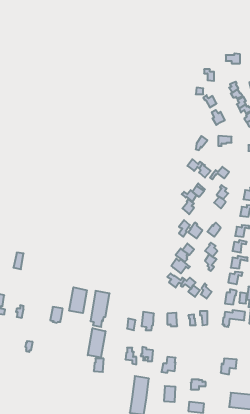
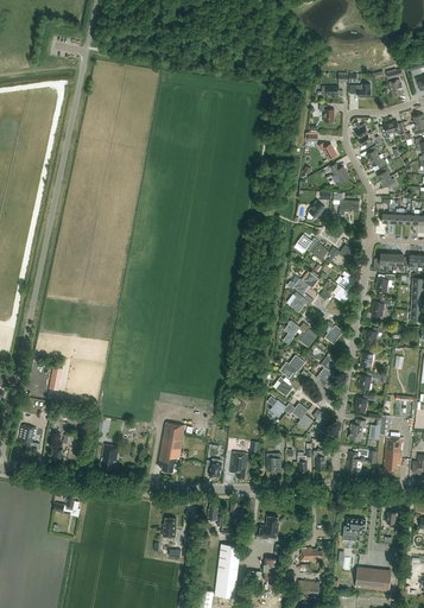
building: [69,287,87,313] -> none
building: [88,328,105,357] -> none

